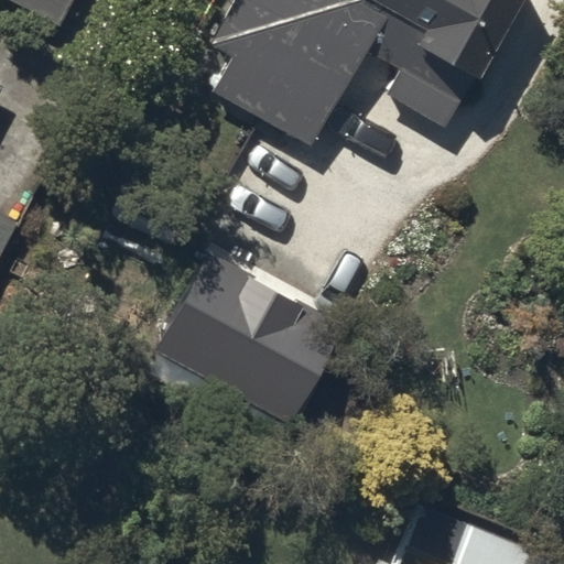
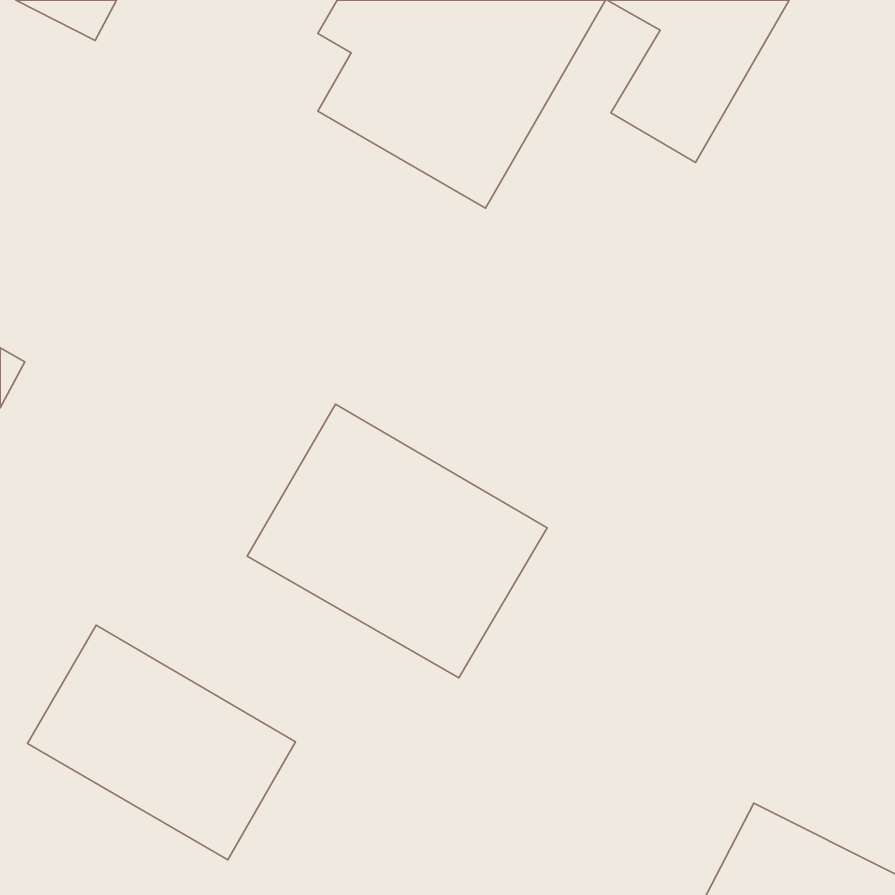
building: none -> [27,625,295,860]

